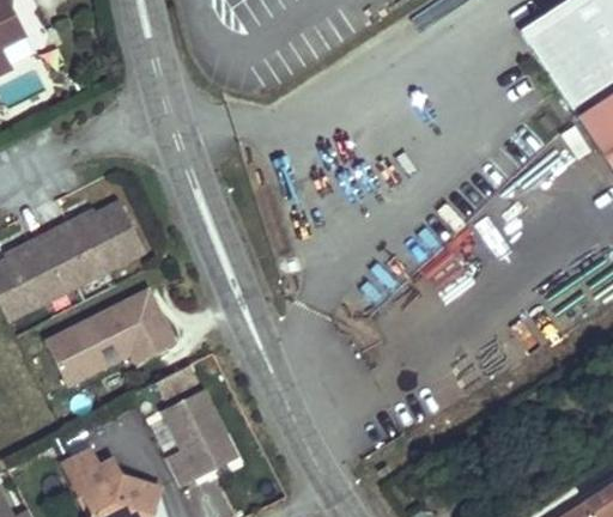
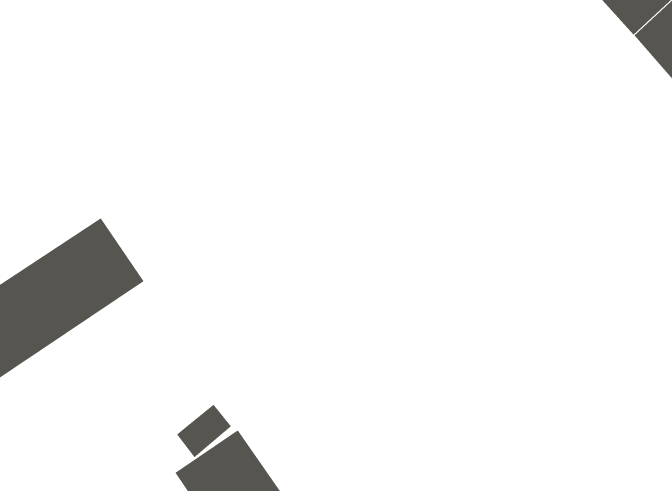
building: [40,288,175,390] -> none

